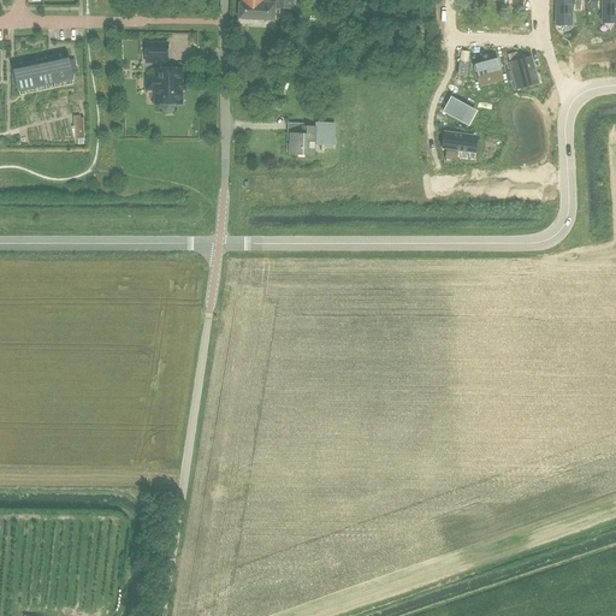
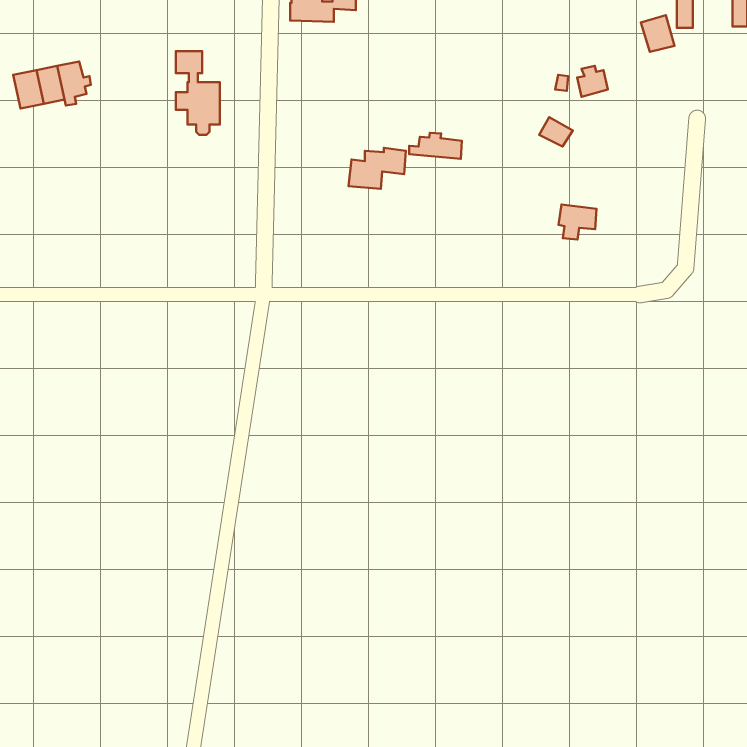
building: [509,57,537,87] -> [641,15,675,52]
building: none -> [409,133,462,159]
building: [440,130,472,159] -> [559,204,597,239]

